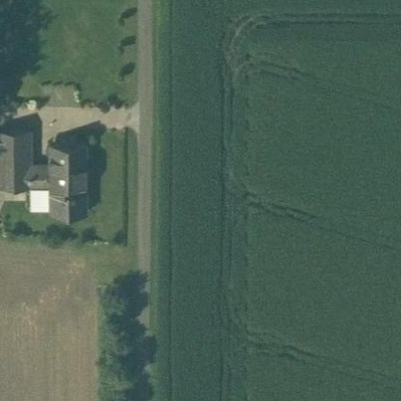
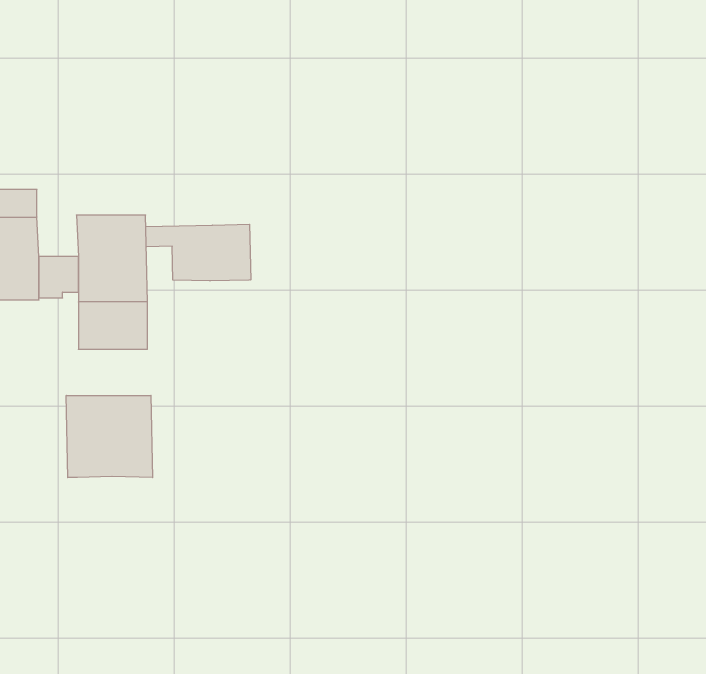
building: none -> [146,224,251,281]
building: none -> [66,395,153,478]

